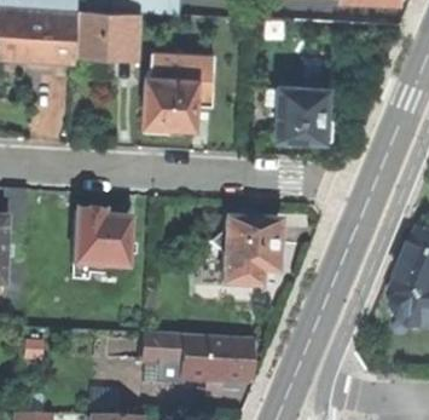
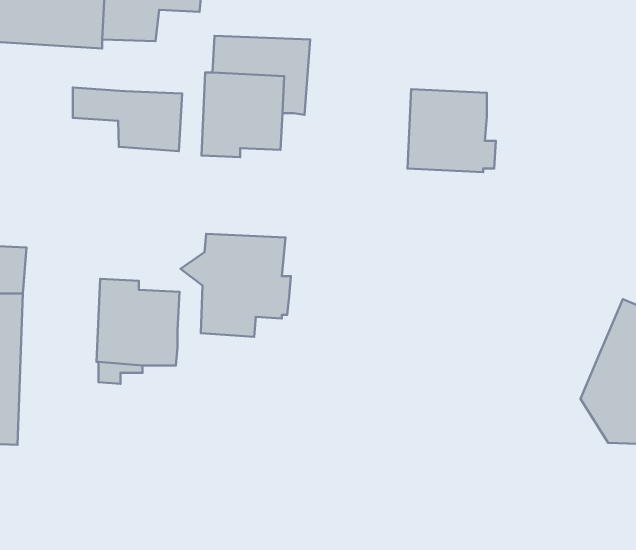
building: none -> [73,87,182,151]
building: [208,220,280,288] -> [180,234,291,337]
building: [140,338,250,385] -> none

